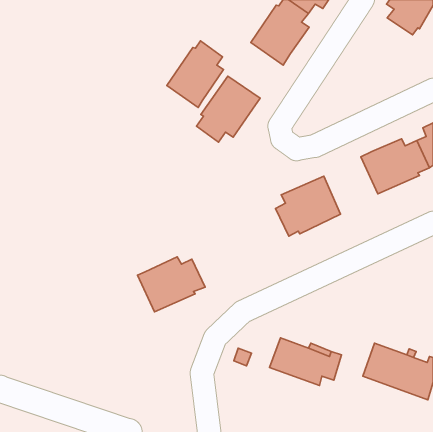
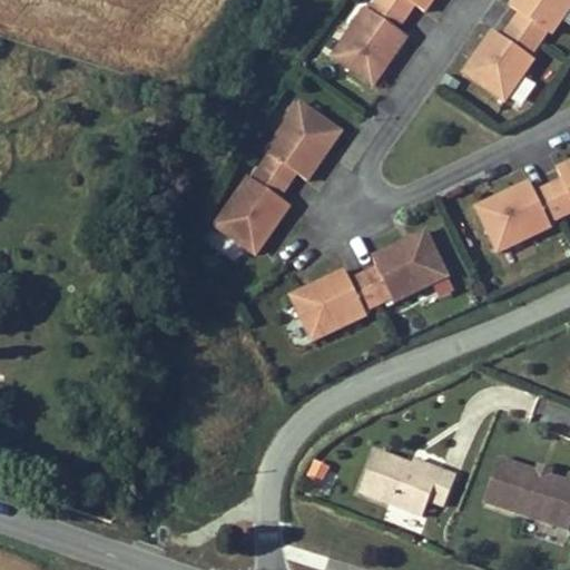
building: none -> [462,23,542,102]
building: [167,41,223,108] -> [214,166,288,254]
building: [137,257,205,312] -> [291,271,380,343]

